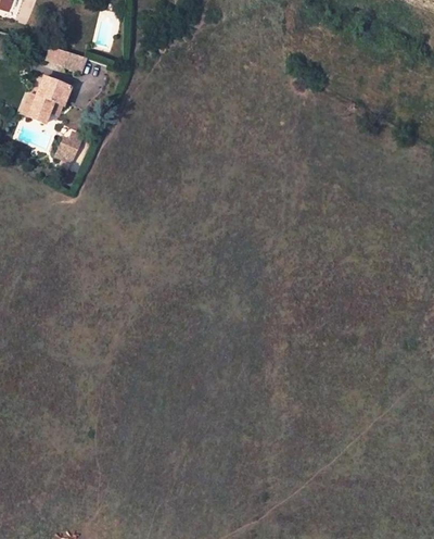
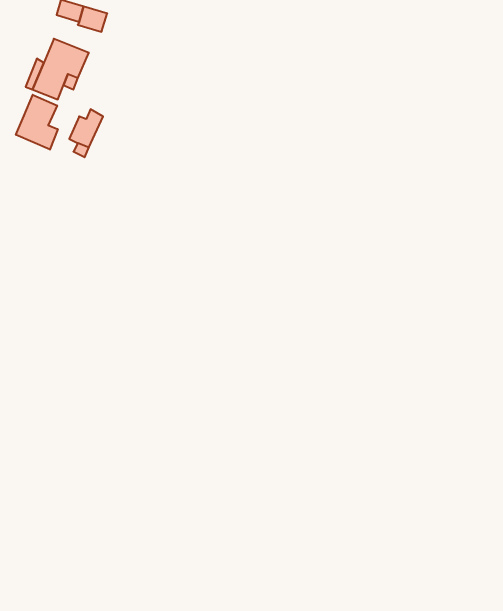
building: none -> [16,95,58,150]

